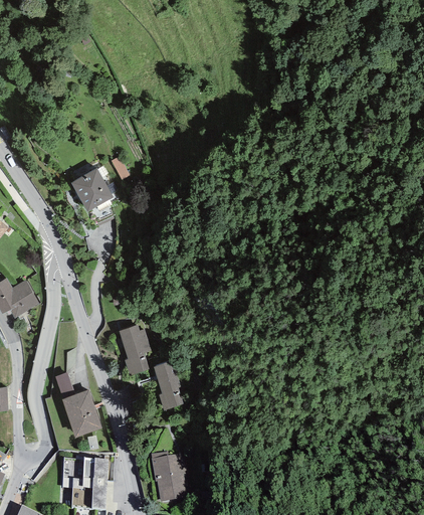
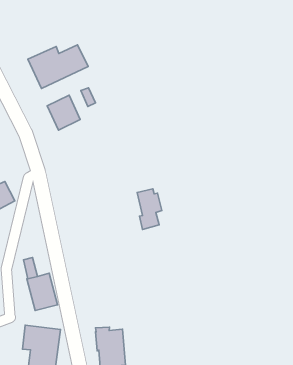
building: none -> [28,45,88,88]
building: [119,324,151,375] -> [137,189,162,229]
building: [153,360,184,410] -> none

